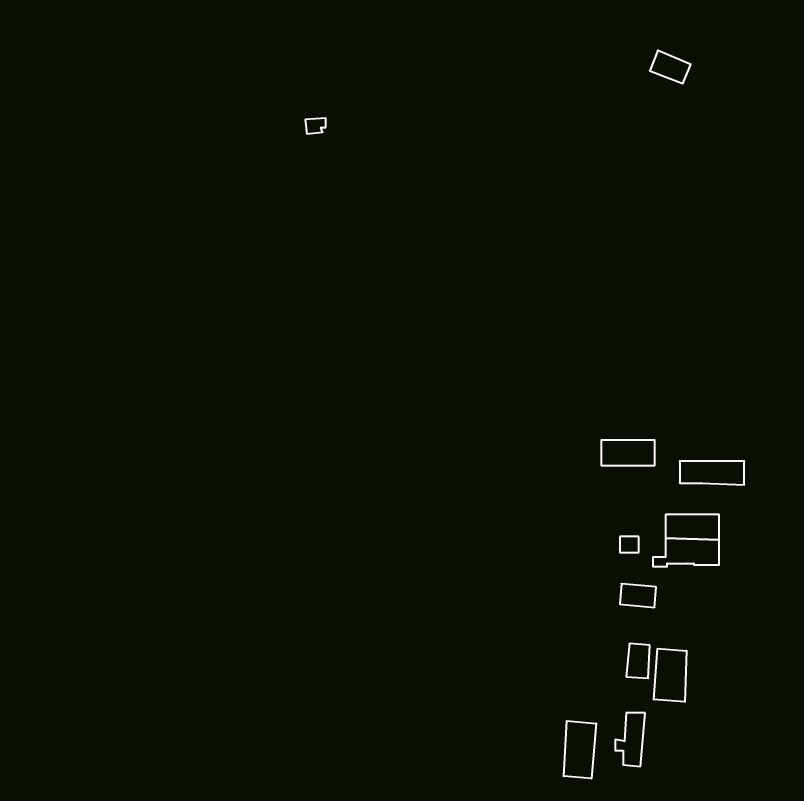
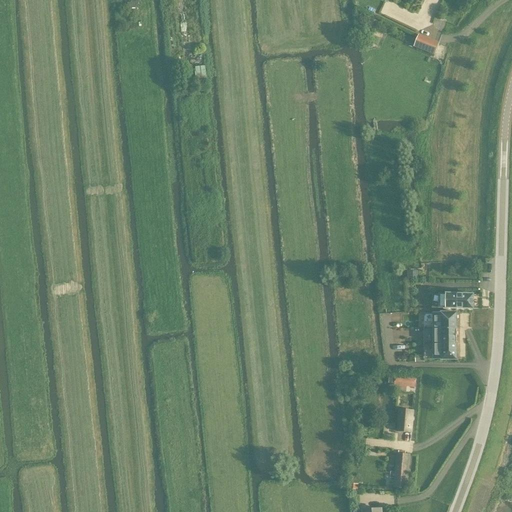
building: [601,440,655,465] -> [423,311,457,327]
building: [654,649,687,702] -> none
building: [564,721,596,779] -> none

